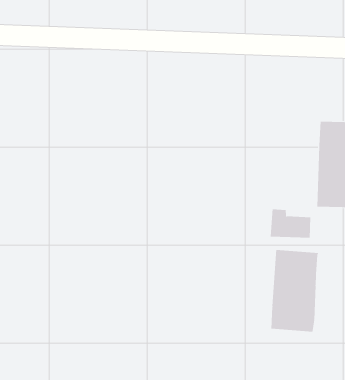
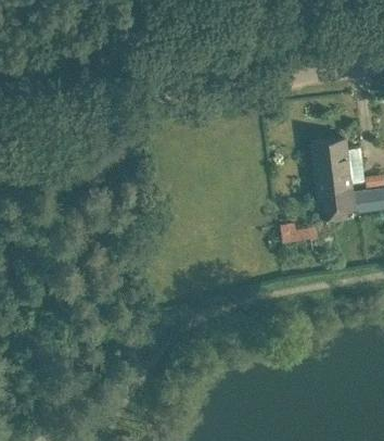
building: [271,249,319,332] -> none

